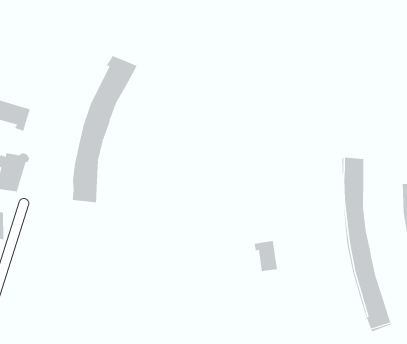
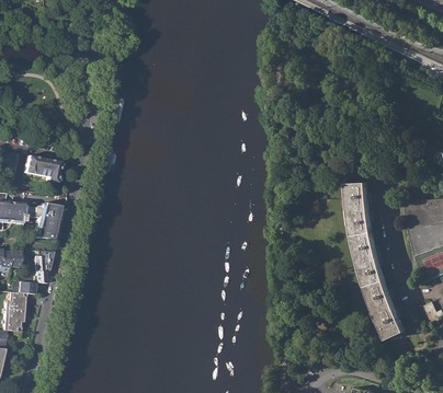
building: [72,55,137,203] -> none
building: [254,240,278,272] -> none

